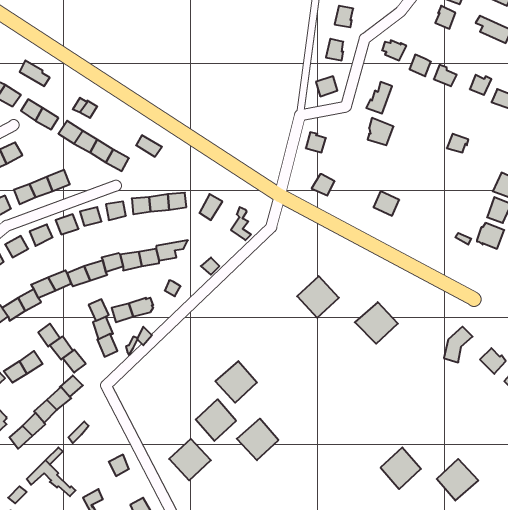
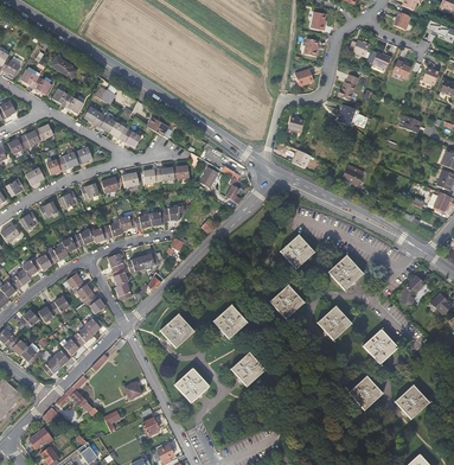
building: none -> [269,285,303,318]
building: none -> [316,305,351,339]
building: none -> [363,329,397,363]
building: [196,399,236,441] -> [160,313,193,348]

